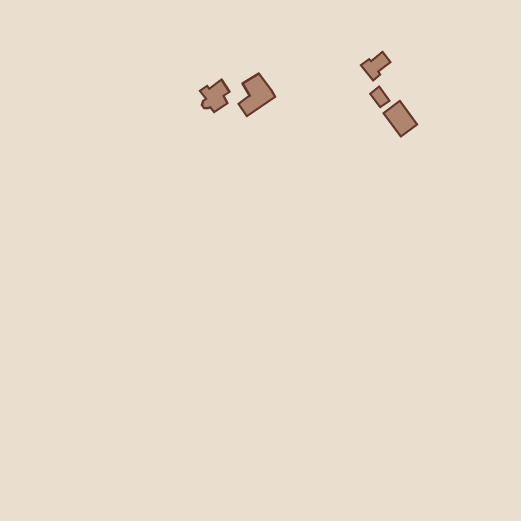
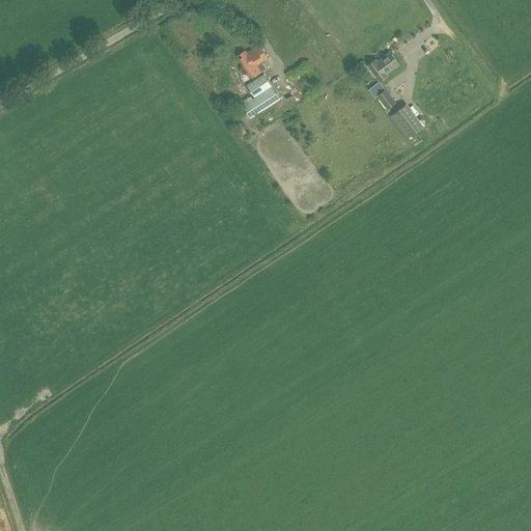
building: [200,80,230,112] -> [237,45,268,78]

